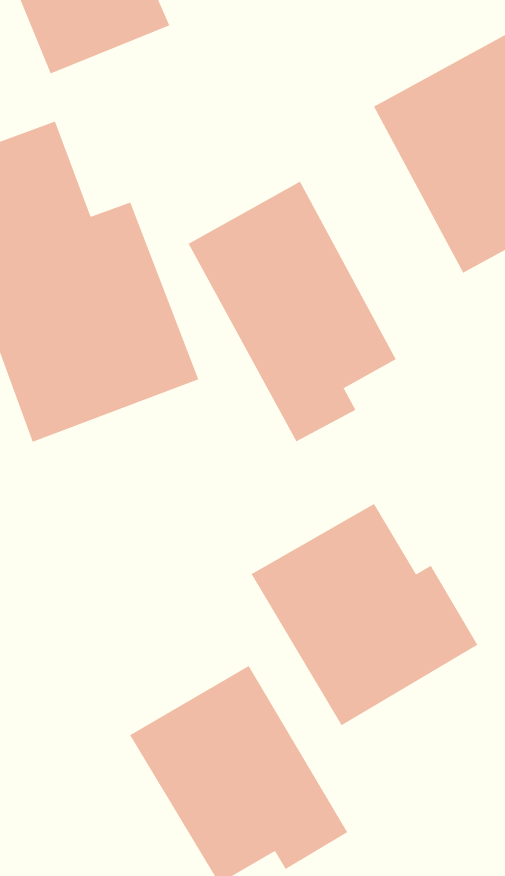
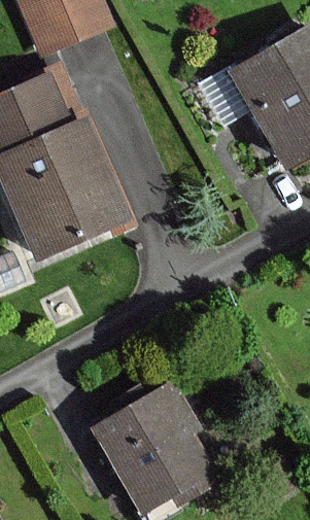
building: [188,181,396,442] -> none
building: [251,503,478,726] -> none

